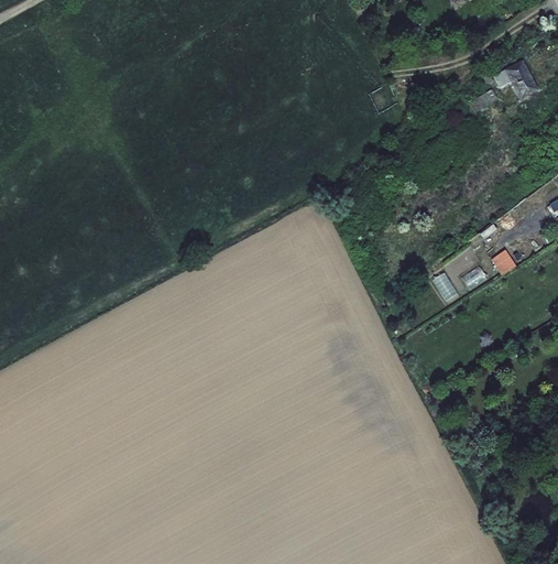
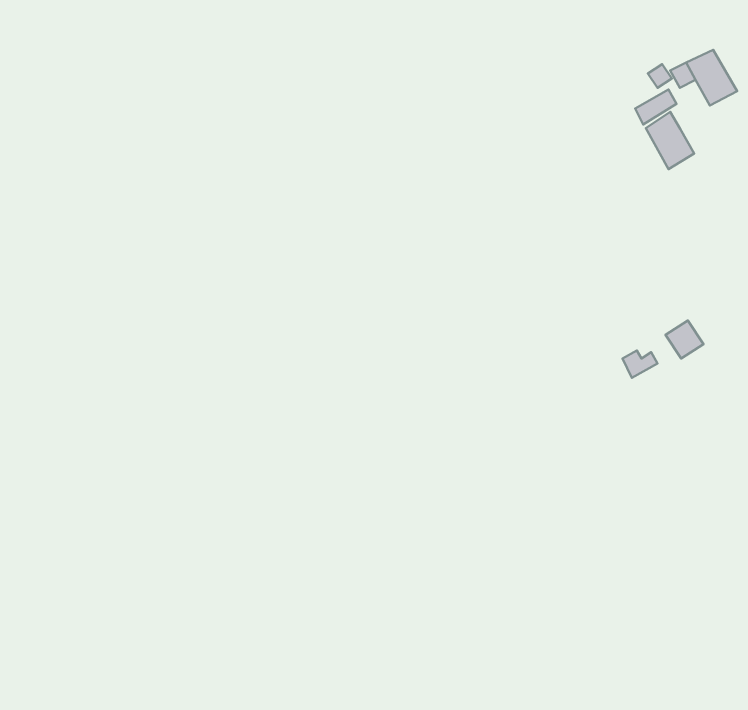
building: none -> [646,112,694,169]

